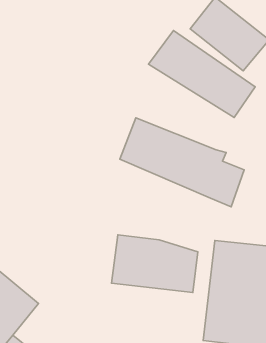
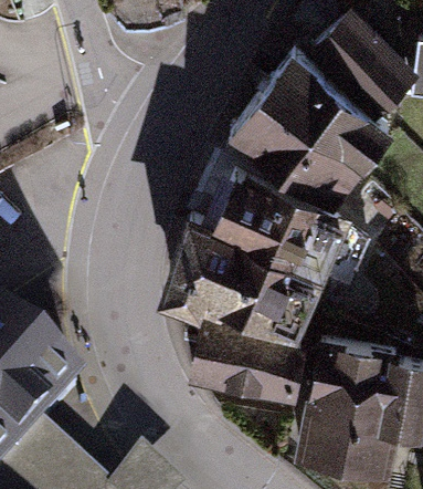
building: none -> [225,97,362,212]
building: none -> [157,212,325,343]

